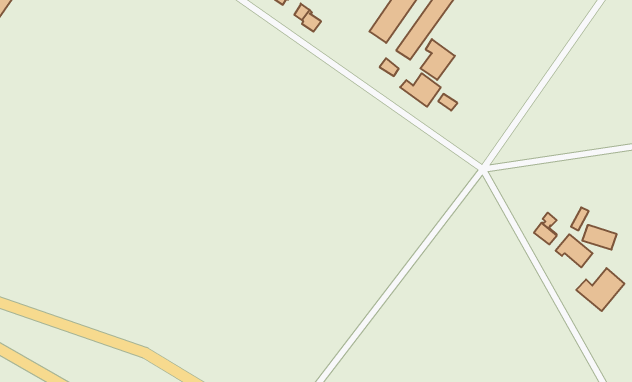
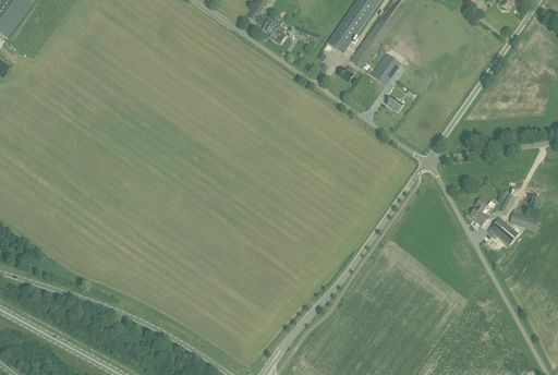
building: [400,73,441,107] -> none
building: [576,268,624,311] -> none

